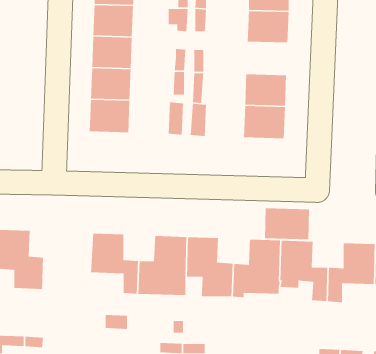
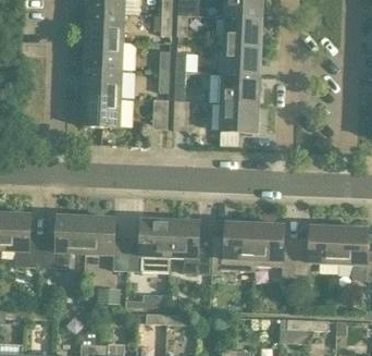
building: none -> [222,45,260,74]
building: [264,207,310,240] -> none
building: none -> [40,214,85,268]

